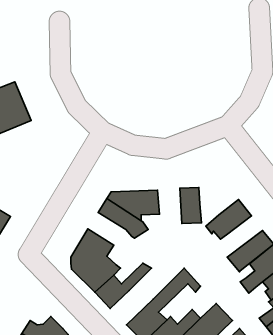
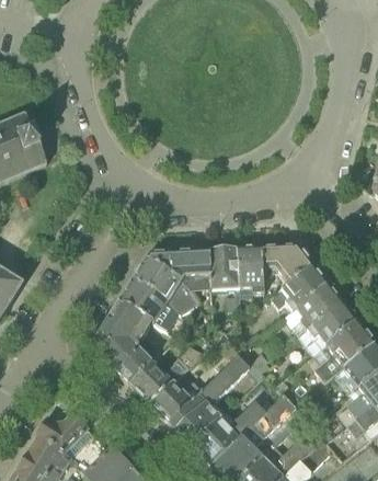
building: none -> [261,245,311,282]
building: none -> [208,248,240,309]
building: none -> [119,278,175,328]
building: none -> [289,283,342,335]
building: none -> [148,378,203,422]

